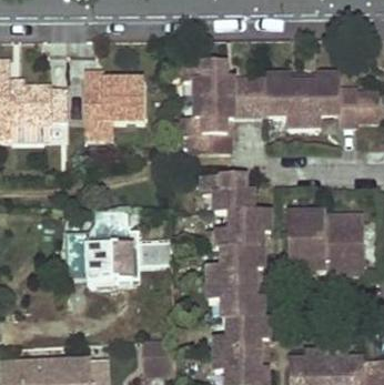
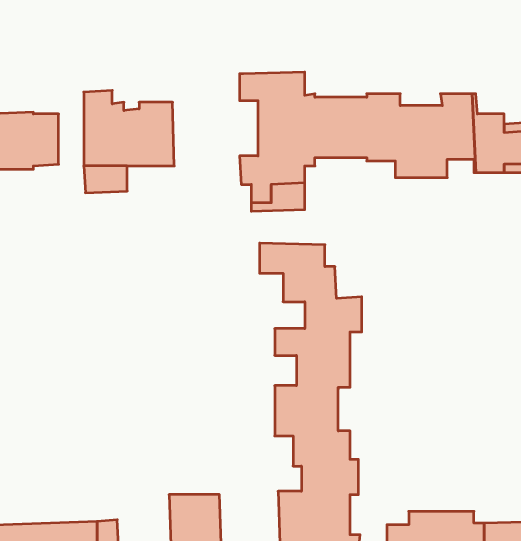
building: [63,213,172,293] -> none
building: [287,213,363,273] -> none

